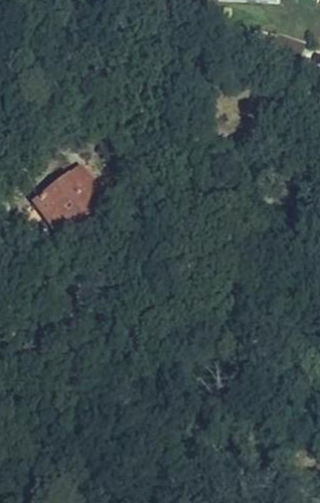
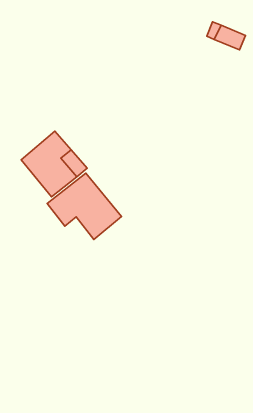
building: none -> [47,173,121,239]

